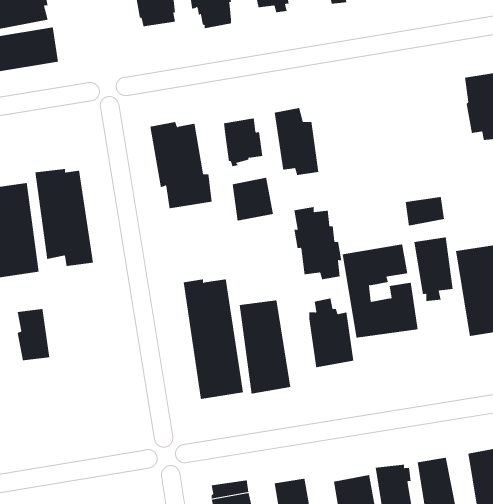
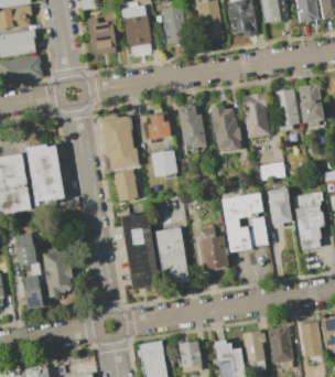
building: none -> [273,88,299,131]
building: none -> [241,93,270,139]
building: [293,207,342,280] -> [210,106,241,152]
building: none -> [114,170,138,201]
building: none -> [42,248,73,298]
building: none -> [22,276,42,309]

